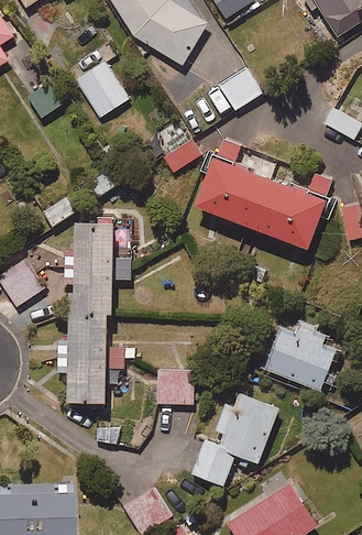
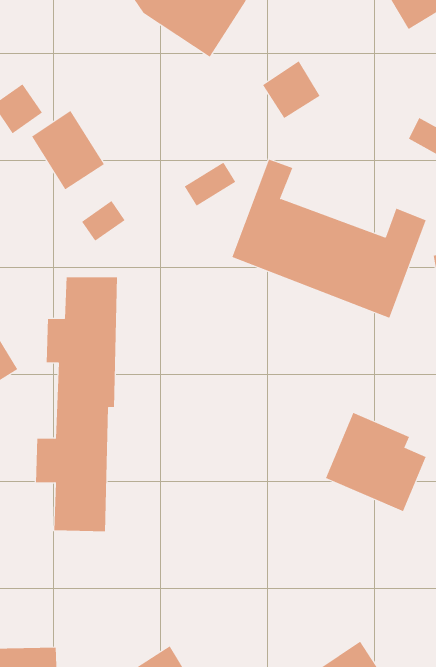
building: [75,59,128,117] -> [31,110,105,190]
building: [156,370,194,404] -> none
building: [189,392,279,487] -> none

